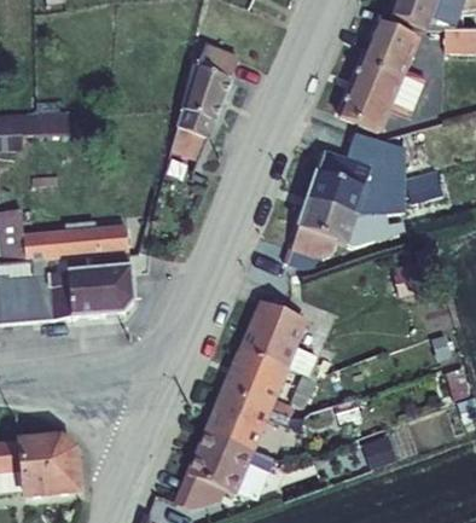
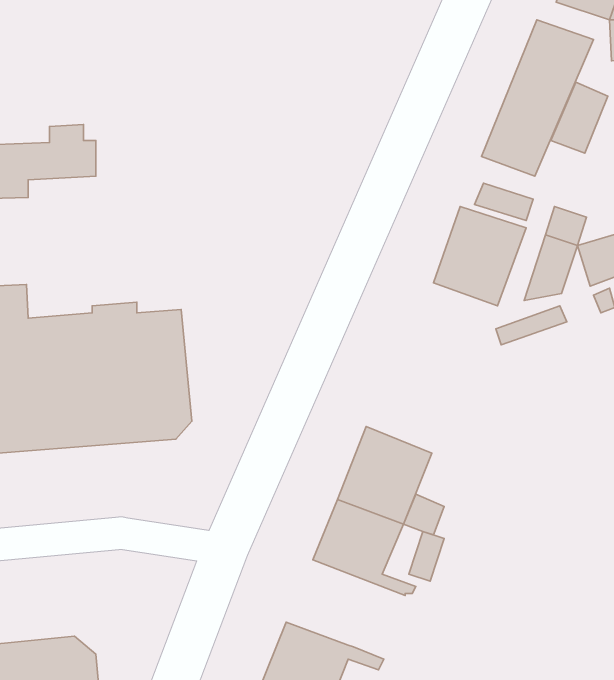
building: [176,39,244,156] -> none
building: [286,203,347,257] -> none
building: [203,391,297,461] -> none

